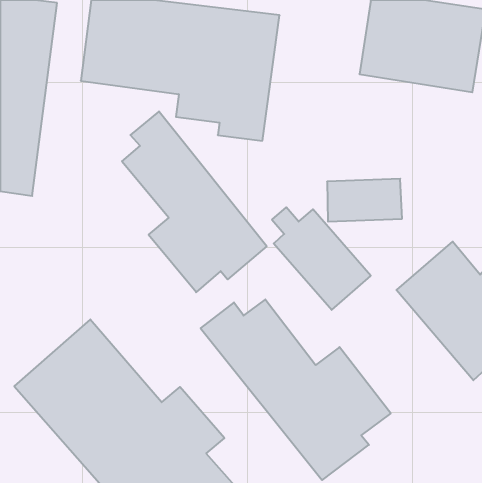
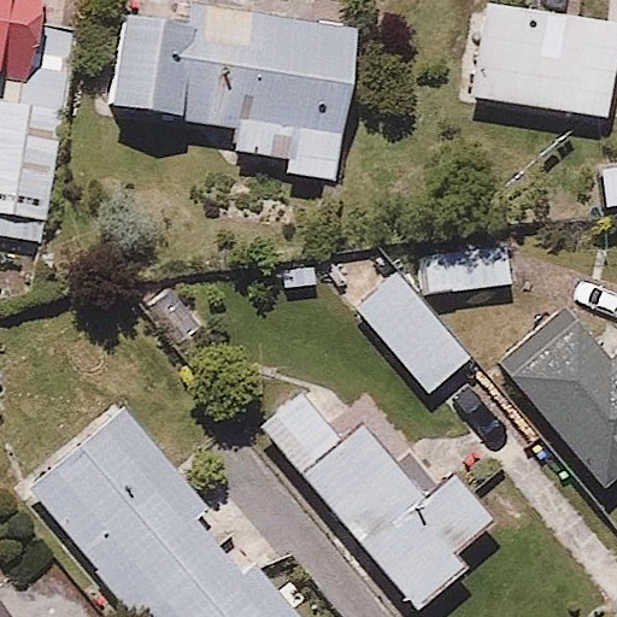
building: [122,111,267,292] -> none

